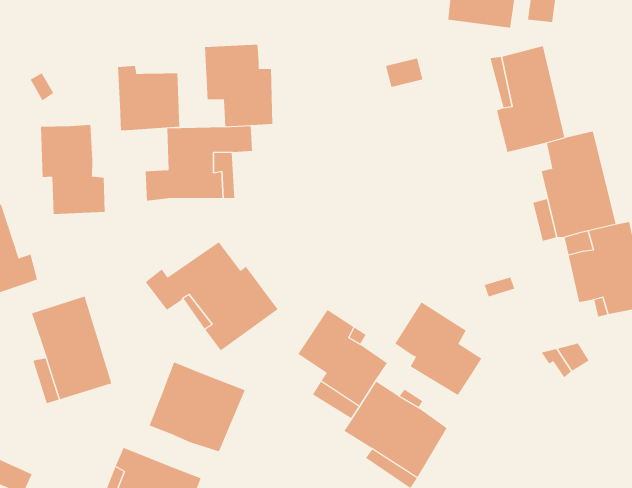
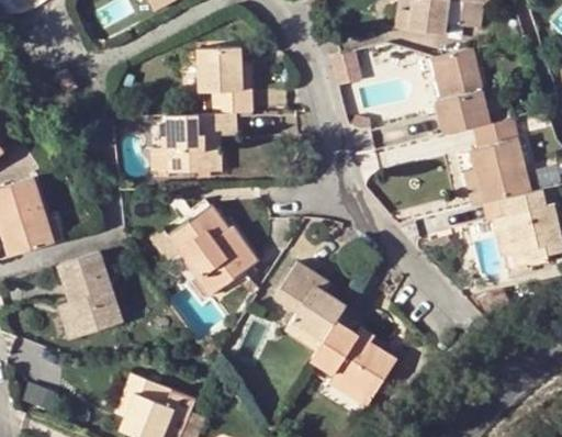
building: [117,65,180,131] -> none
building: [41,124,105,215] -> none
building: [395,302,482,396] -> none
building: [149,361,245,452] -> none

